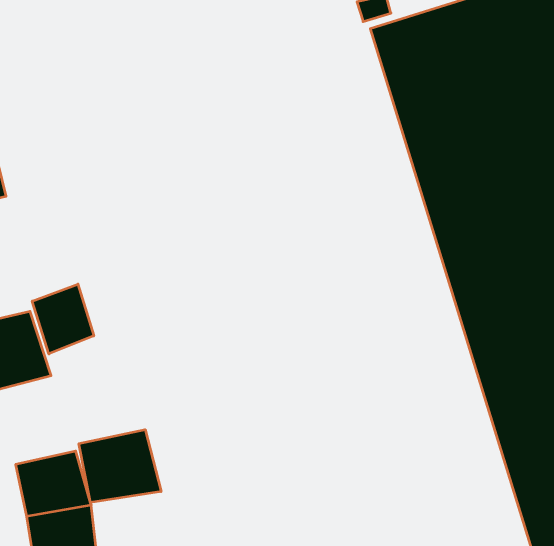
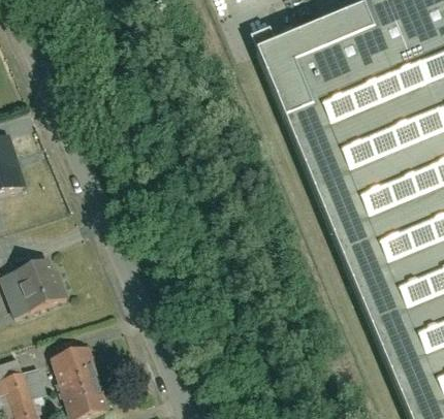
building: [32,284,94,354] -> none
building: [79,430,161,502] -> none

